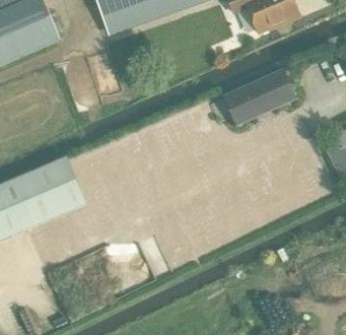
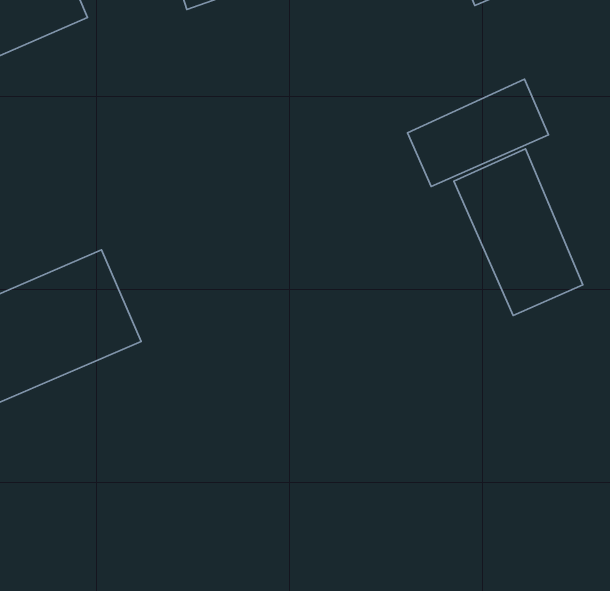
building: none -> [454,149,583,316]

